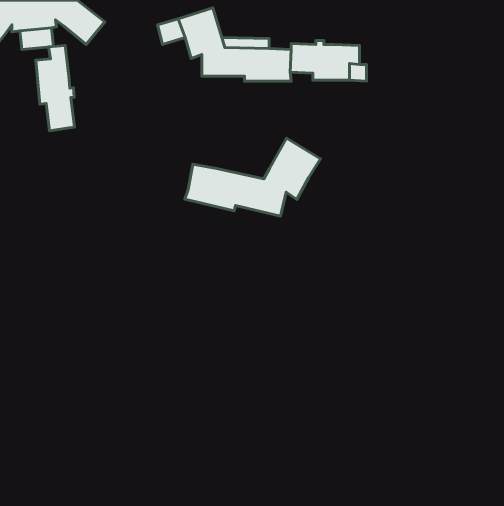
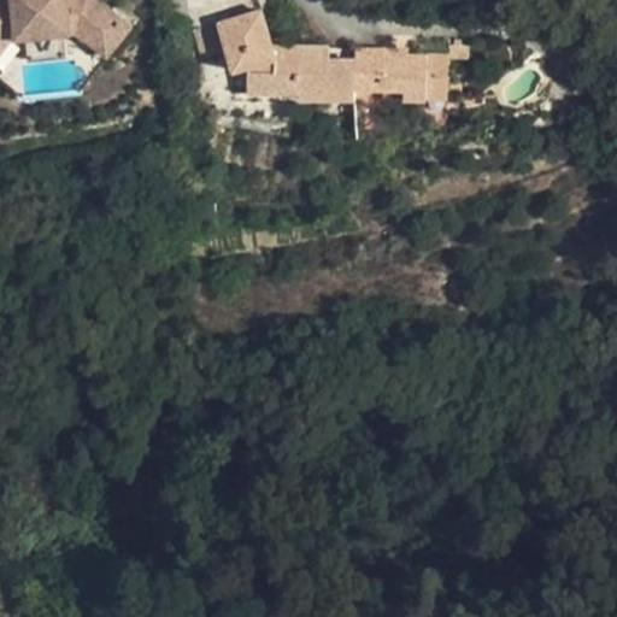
building: [36,45,74,131] -> none
building: [185,138,321,216] -> none

